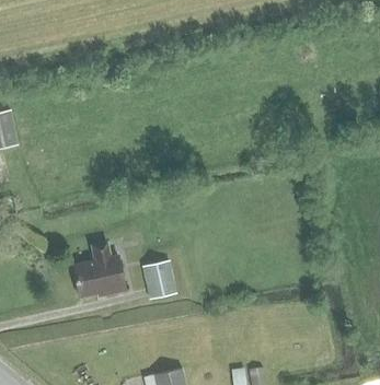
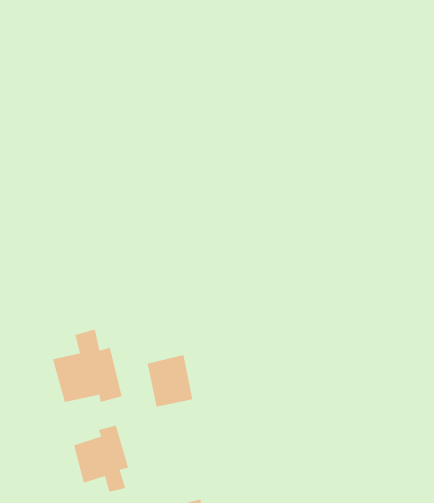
building: none -> [74,425,129,493]

